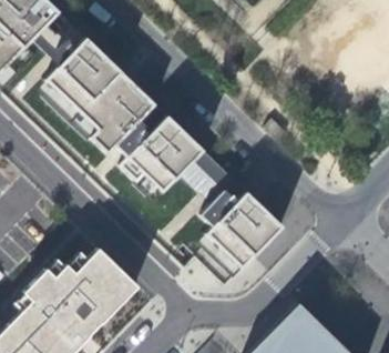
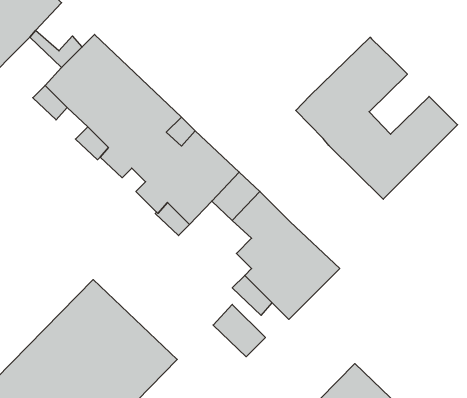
building: none -> [296,37,458,199]

